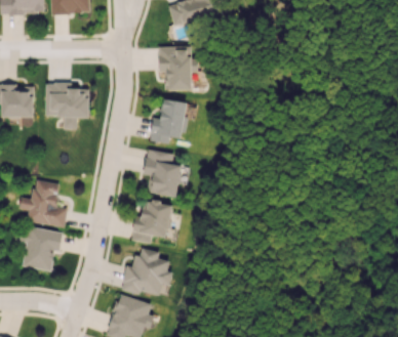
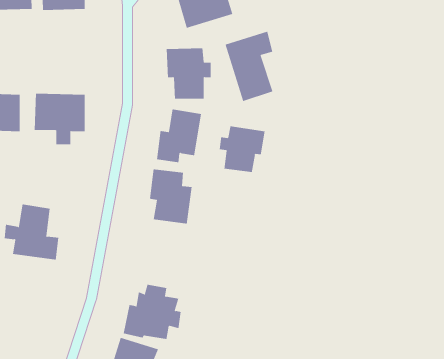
building: none -> [225,31,273,102]
building: none -> [219,125,265,173]
building: [131,201,172,243] -> none
building: [21,225,63,270] -> none

